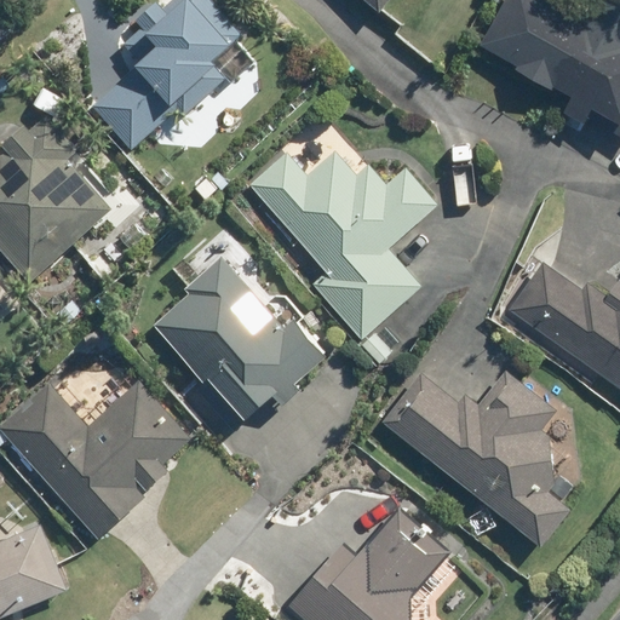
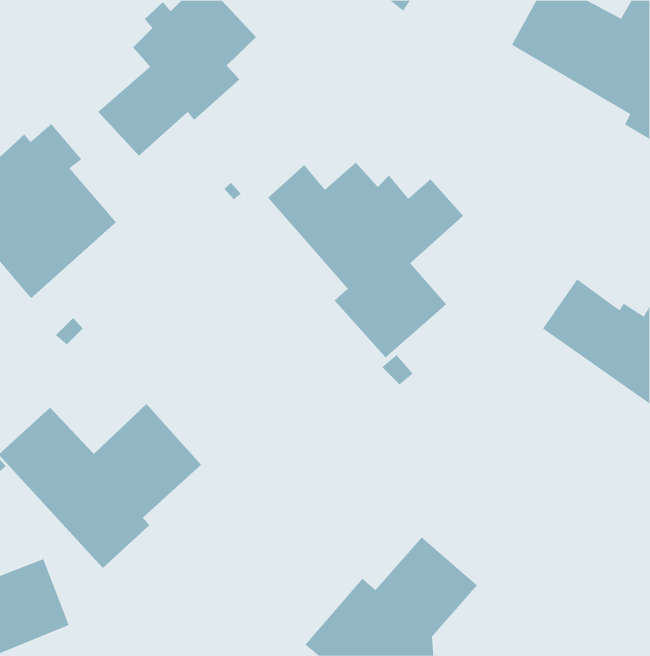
building: [156,257,325,429] -> none
building: [383,371,570,547] -> none

